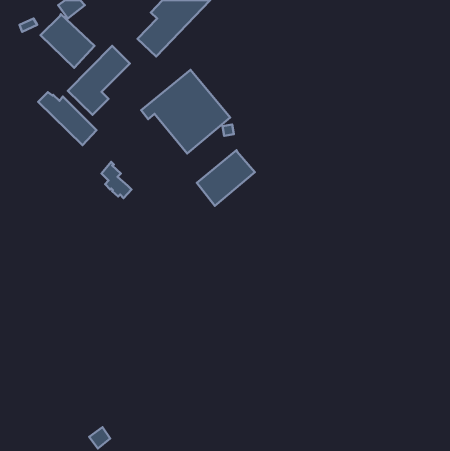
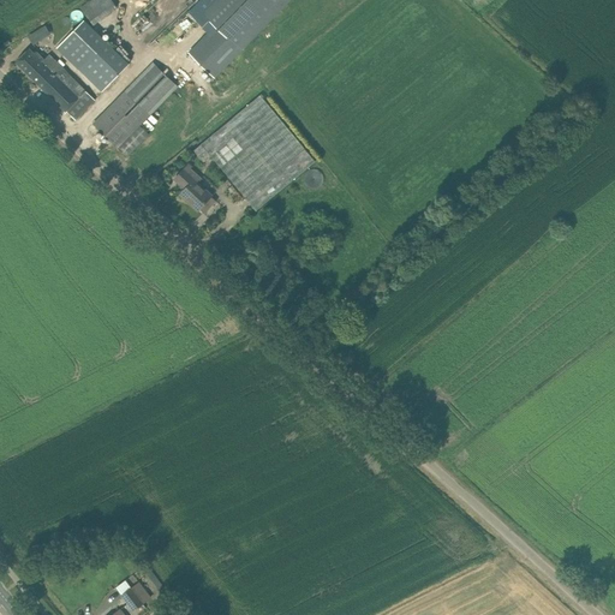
building: [38,92,97,145] -> [14,48,94,120]
building: [197,150,255,206] -> none
building: [101,162,131,198] -> [174,163,215,213]

